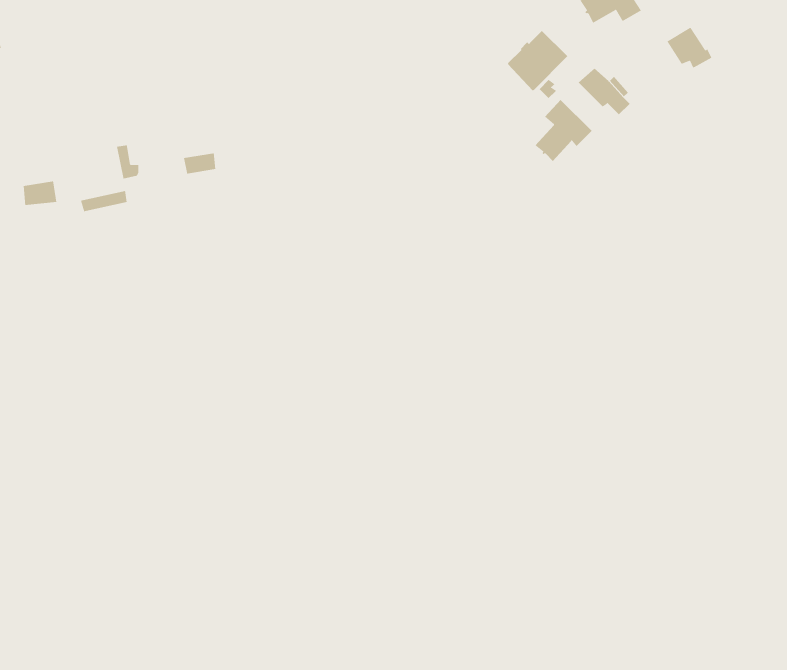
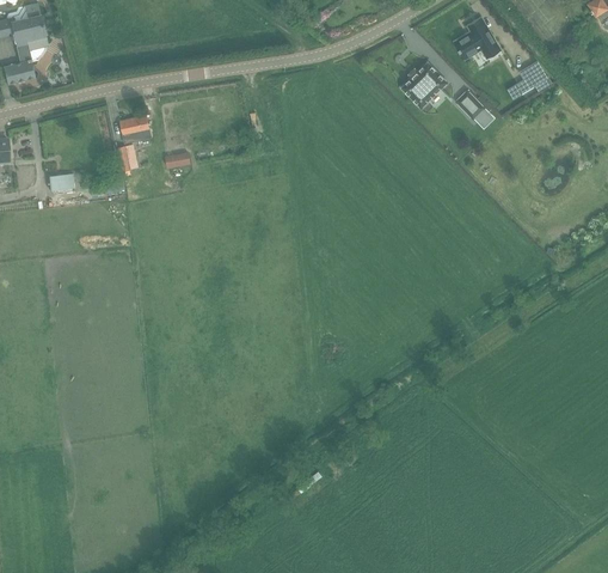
building: [535,99,593,162] -> none
building: none -> [119,115,152,144]

